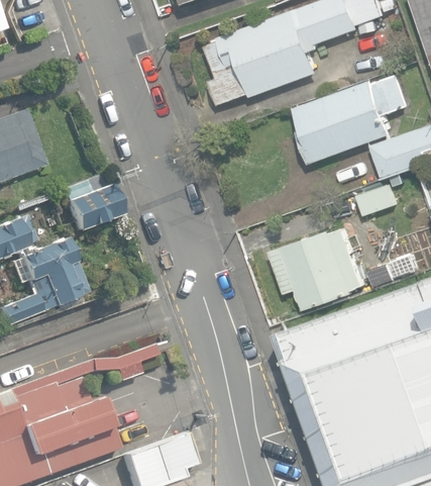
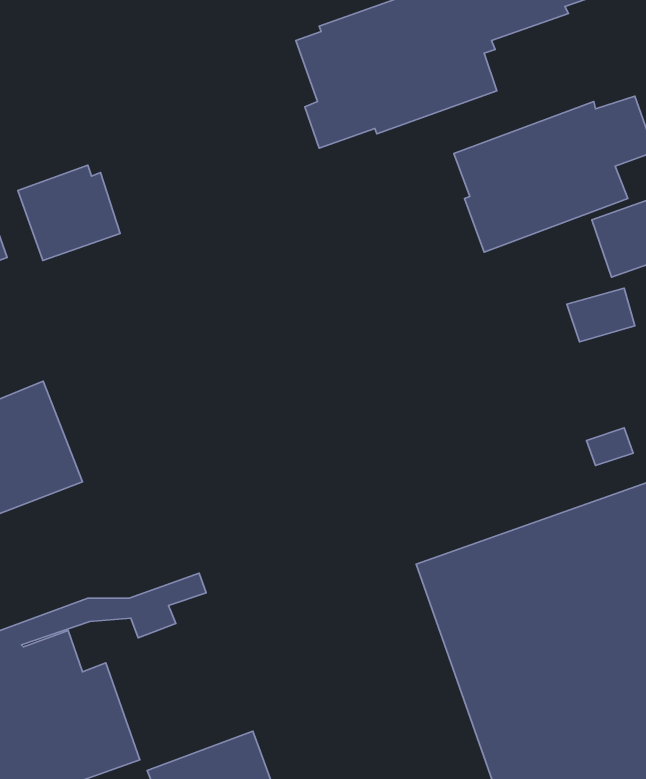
building: [62,178,119,231] -> [18,165,120,260]
building: [271,227,365,310] -> none

